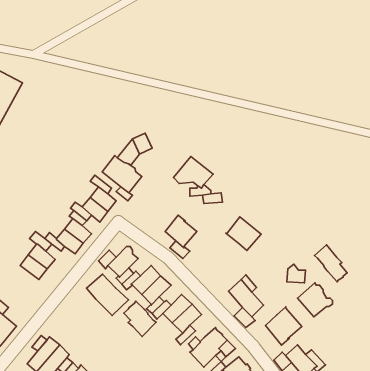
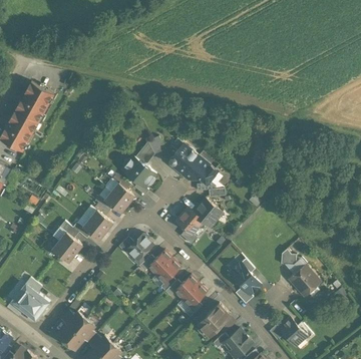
building: none -> [168,144,198,175]
building: [226,217,261,251] -> [192,199,222,228]
building: [315,245,347,282] -> none
building: [87,274,128,315] -> none
building: [124,301,156,337] -> none
building: [266,307,302,345] -> none

